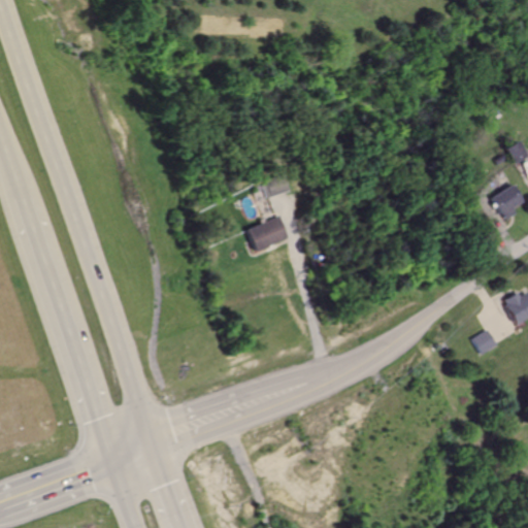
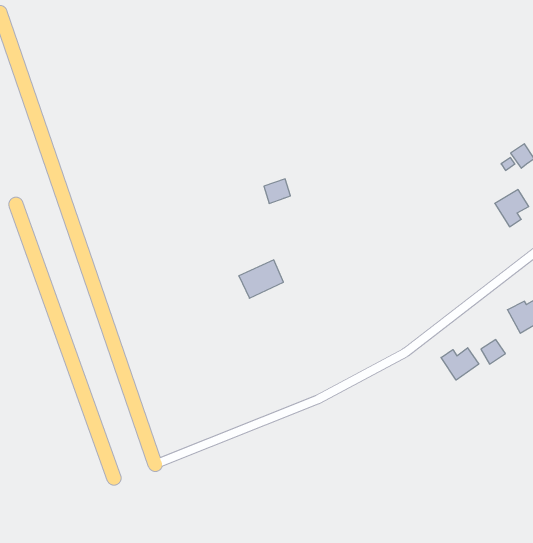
building: [246,214,290,252] -> [239,260,283,298]
building: none -> [441,348,479,380]

